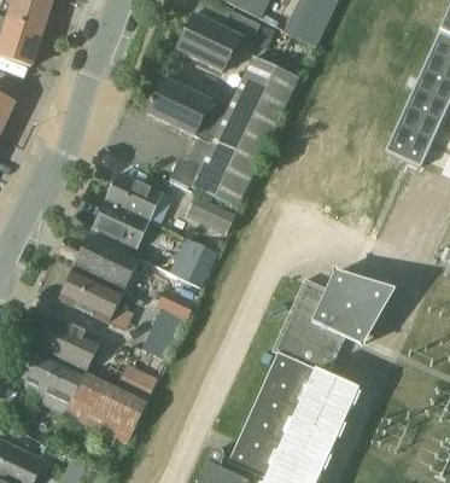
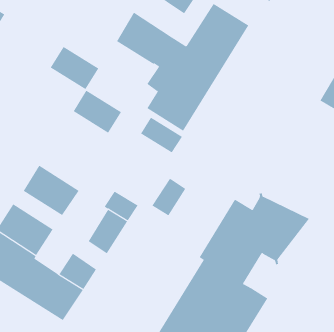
building: [94,199,151,246] -> [50,46,99,90]
building: [75,234,140,290] -> none
building: [180,240,217,285] -> [151,177,186,216]

